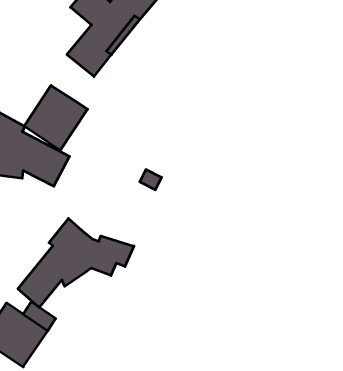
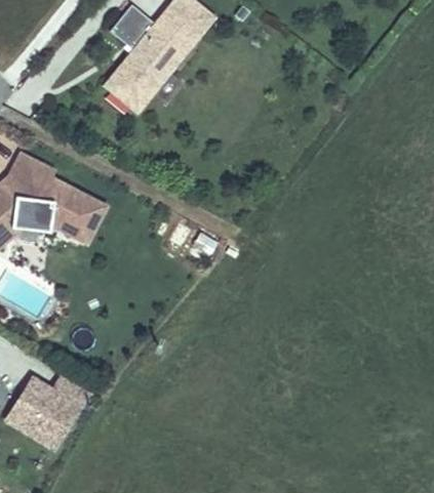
building: [24,85,88,150] -> none
building: [18,218,134,308] -> none

